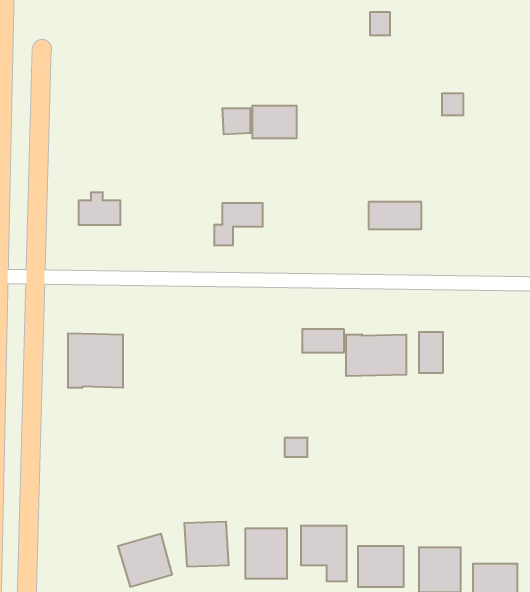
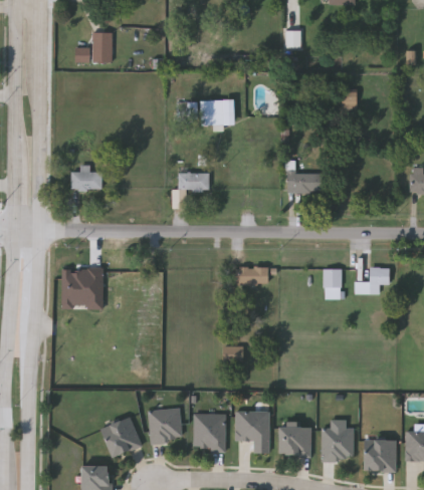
building: none -> [74,32,112,61]
building: none -> [354,267,388,293]
building: [346,334,406,376] -> none

